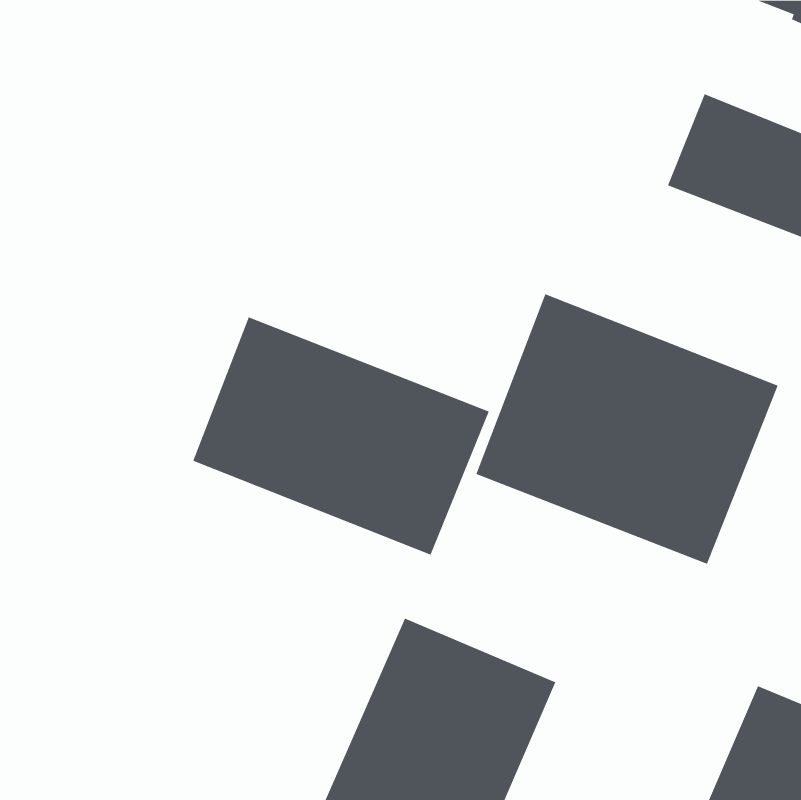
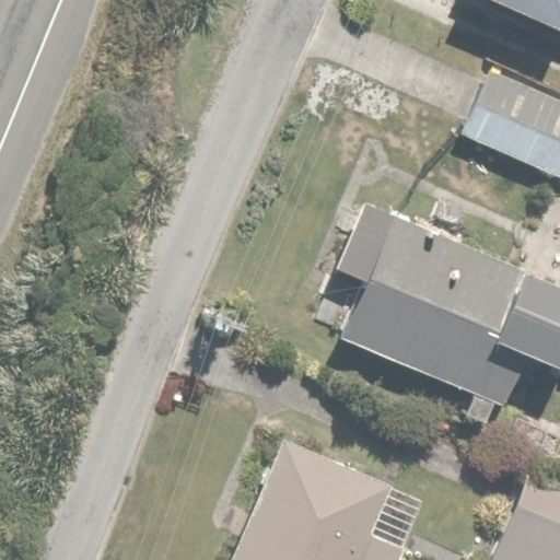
building: [193,317,489,556] -> none

